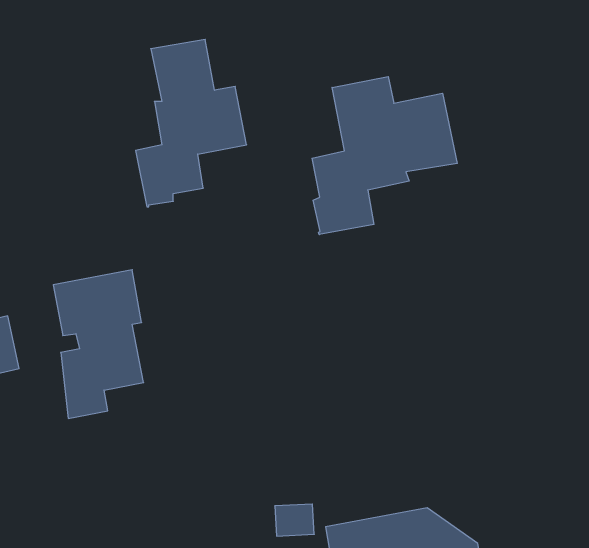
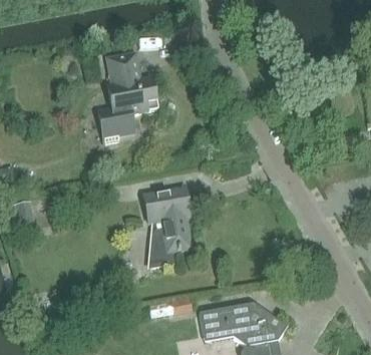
building: [312,77,457,235] -> none
building: [53,270,144,418] -> [142,187,191,266]

